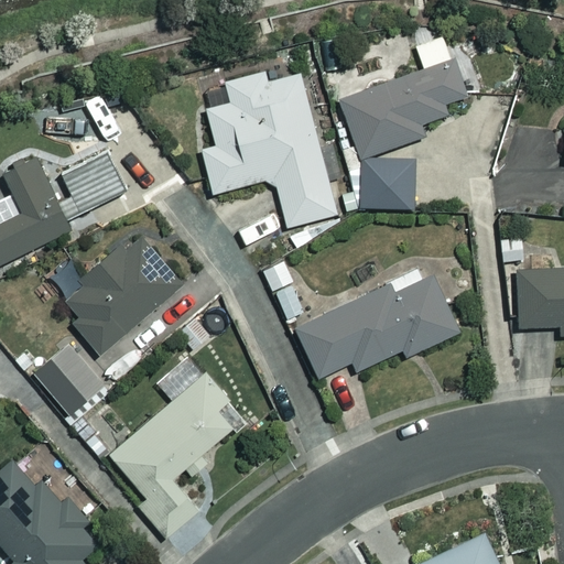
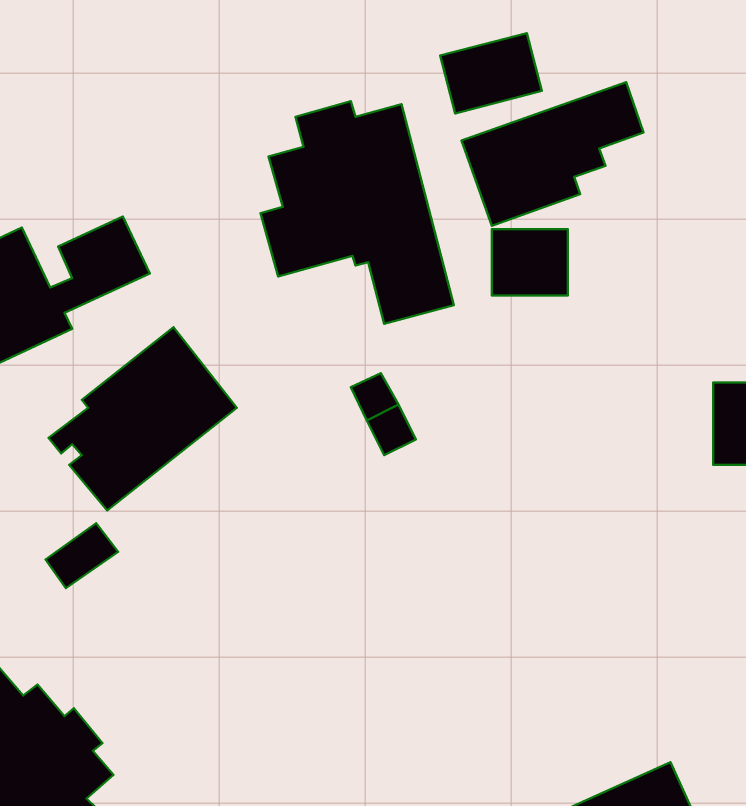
building: none -> [440,33,542,113]
building: [294,272,456,377] -> none
building: [109,375,231,536] -> none

